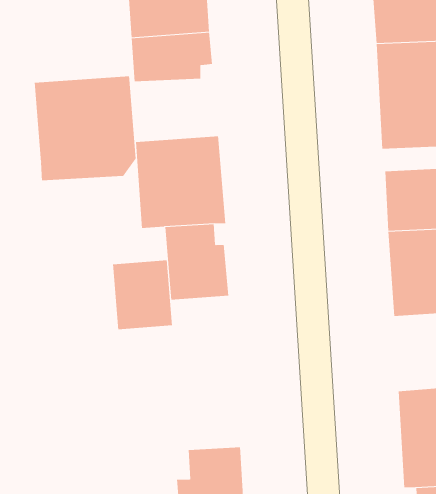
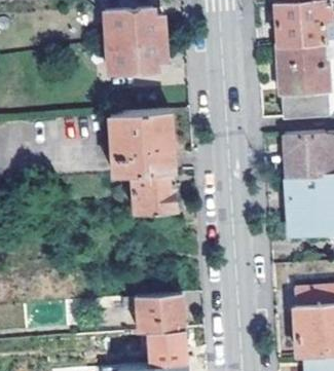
building: [34,75,136,181] -> none
building: [112,259,172,330] -> none
building: none -> [134,289,183,330]

